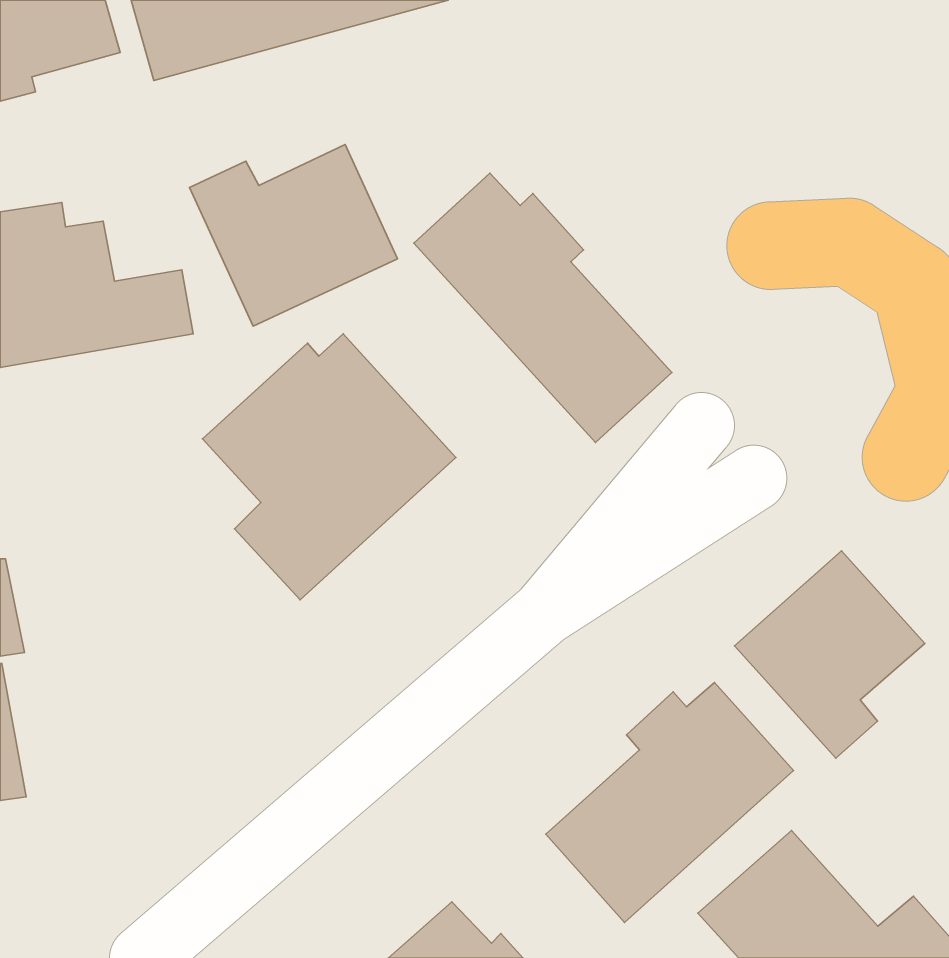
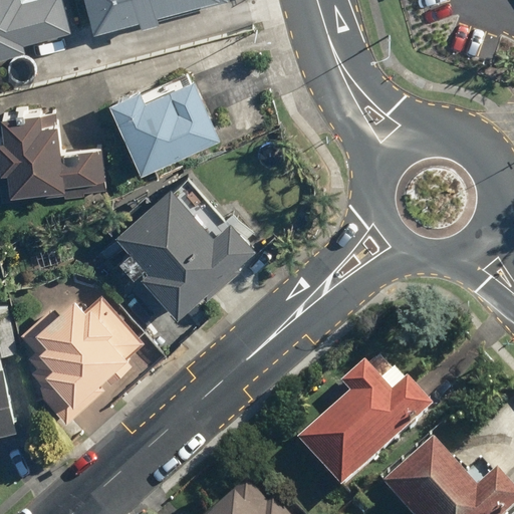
building: [414,173,672,443] -> none
building: none -> [21,291,151,421]
building: [734,551,925,758] -> none

